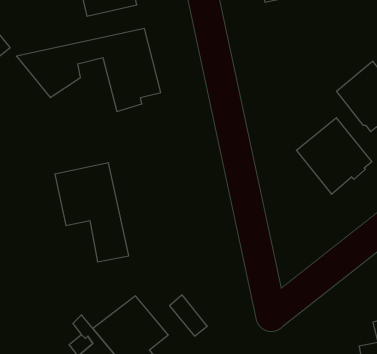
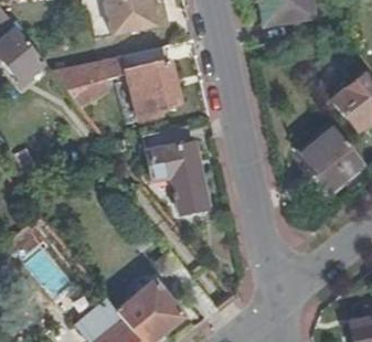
building: [55,163,129,262] -> [141,125,206,212]

